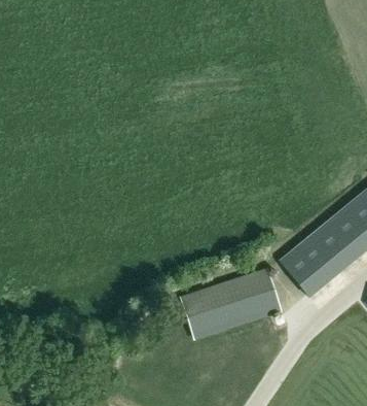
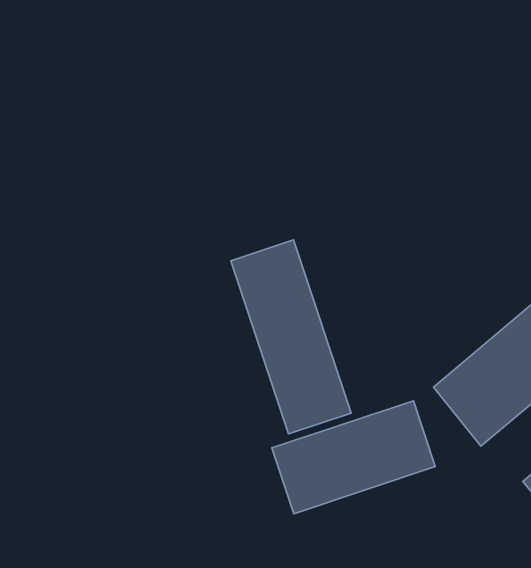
building: none -> [231,240,351,434]

